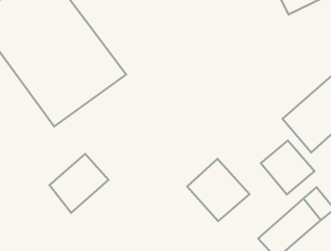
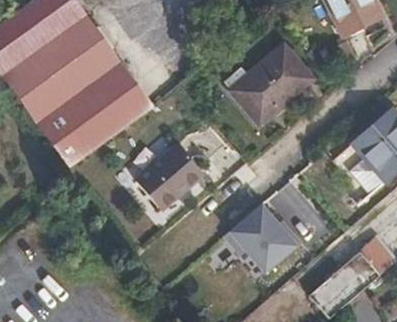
building: none -> [223,45,312,124]
building: [261,140,314,194] -> none
building: [49,154,108,213] -> [136,144,205,212]

